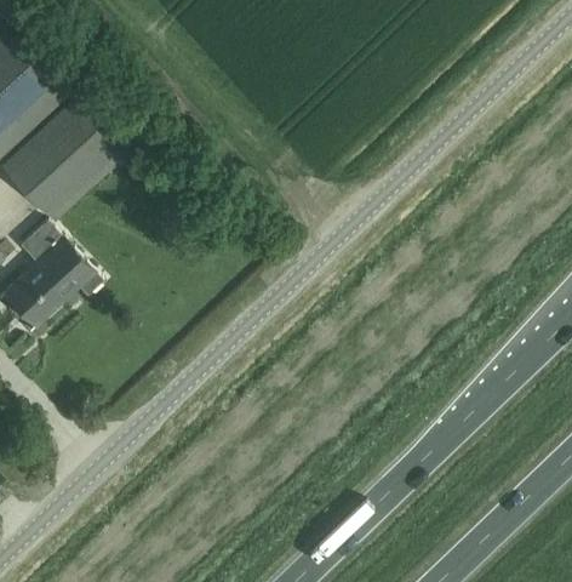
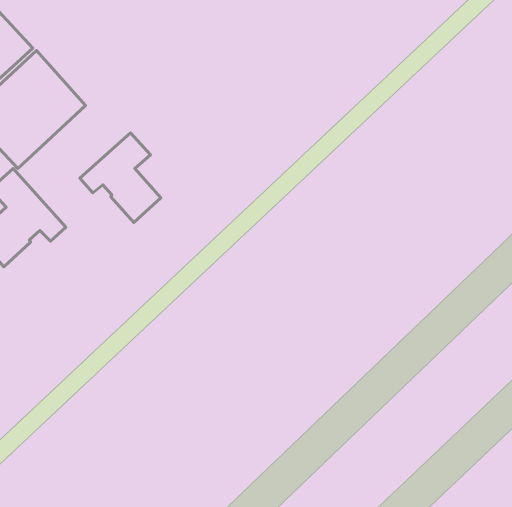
building: none -> [80,133,161,223]

